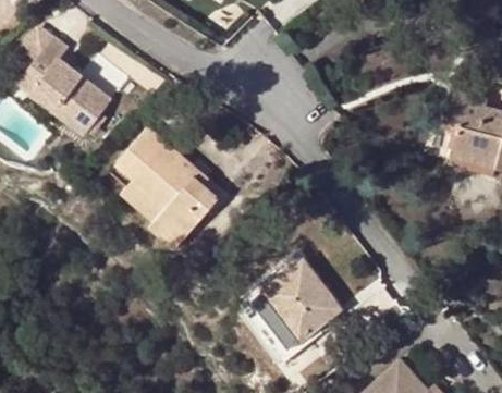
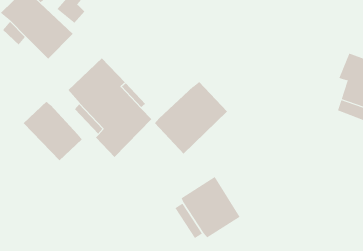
building: none -> [154,81,228,154]
building: none -> [23,101,82,161]

